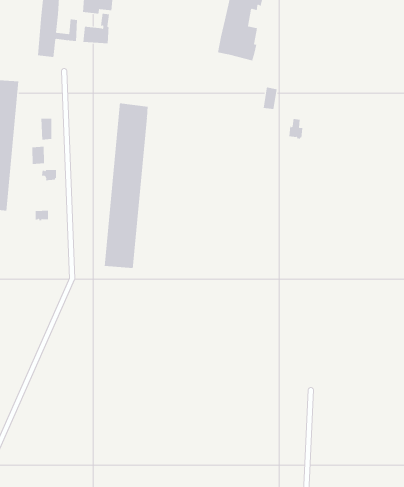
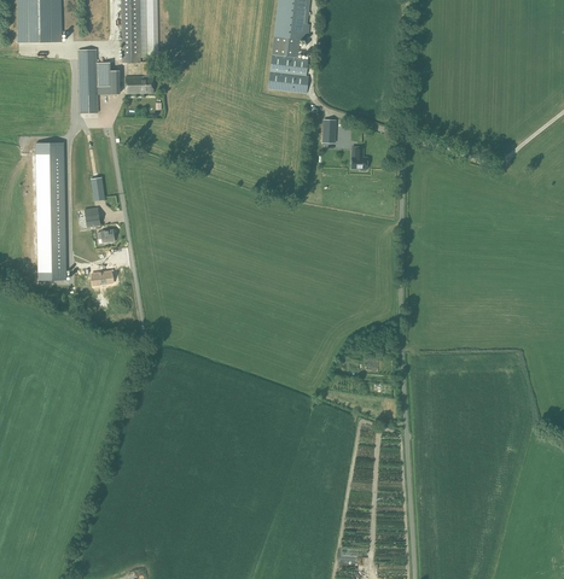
building: [104,103,148,269] -> none

